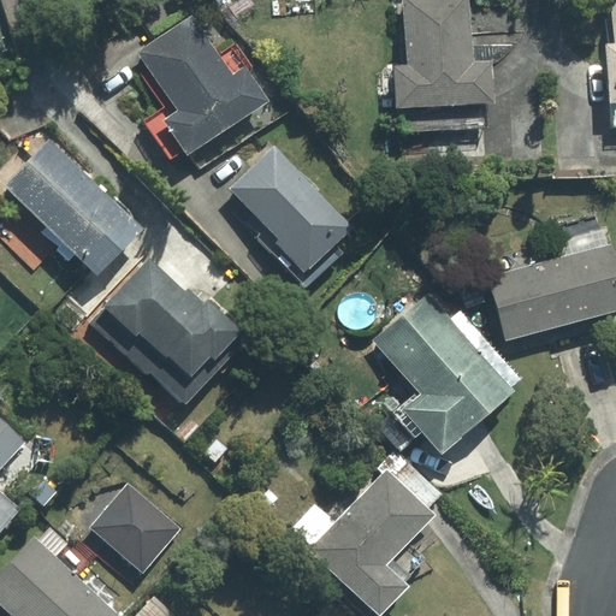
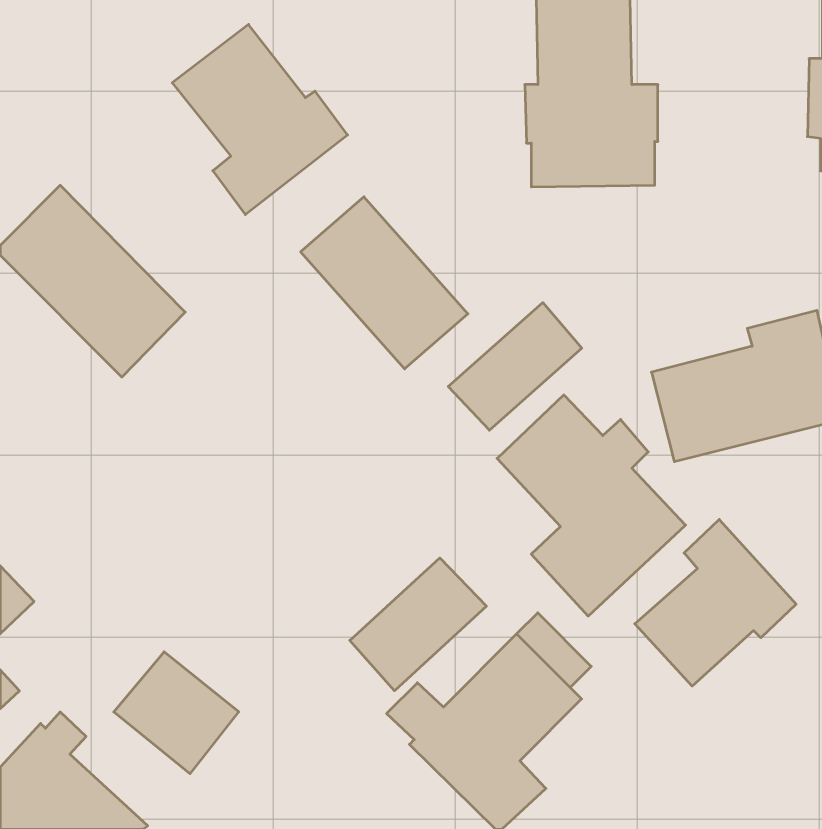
building: none -> [448,303,582,430]
building: [90,257,238,409] -> none
building: none -> [635,519,796,686]
building: none -> [350,558,486,691]

